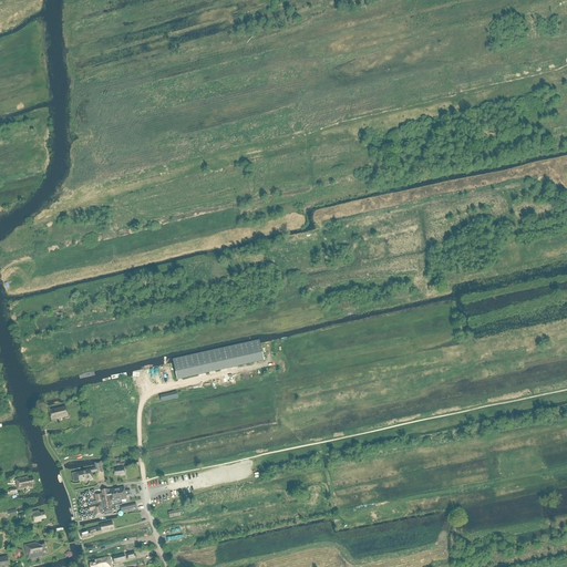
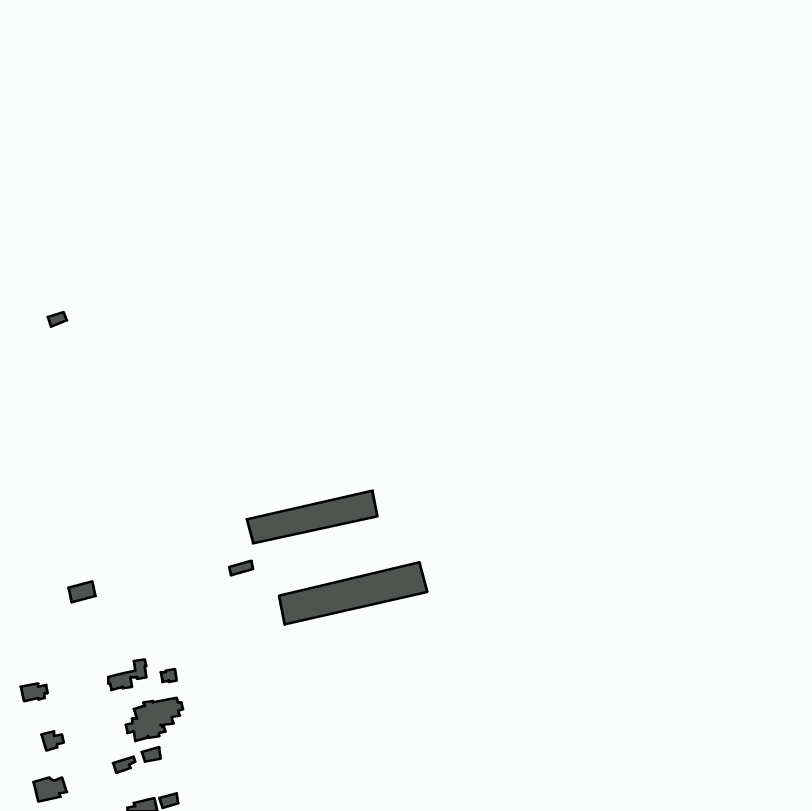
building: none -> [279,562,427,625]

